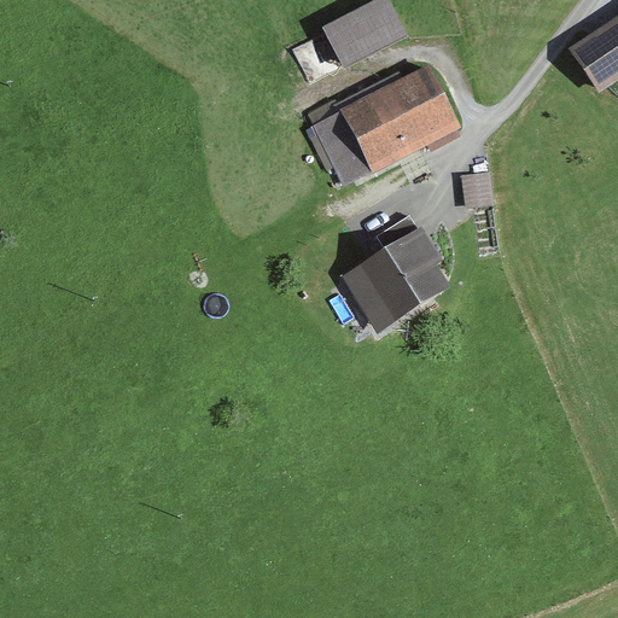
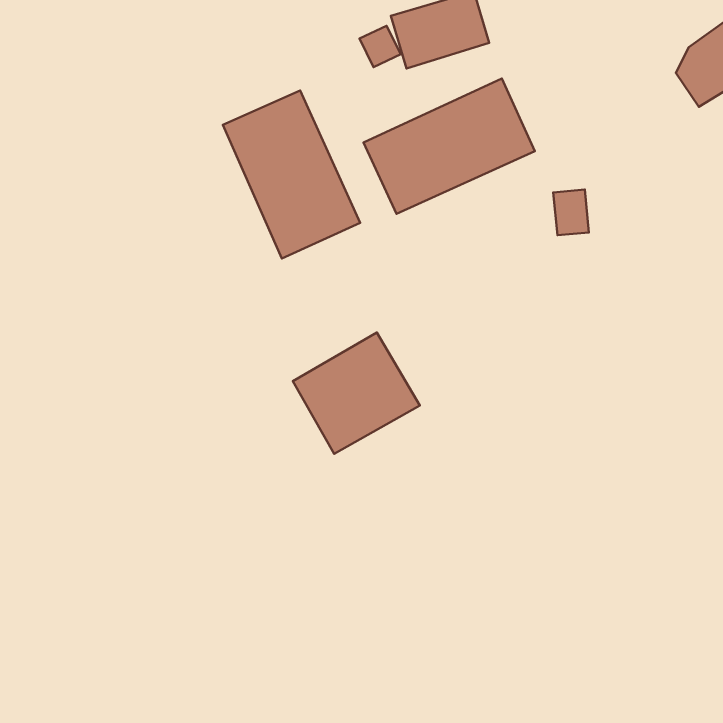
building: none -> [223,90,360,259]
building: [337,229,444,332] -> [293,333,420,454]

